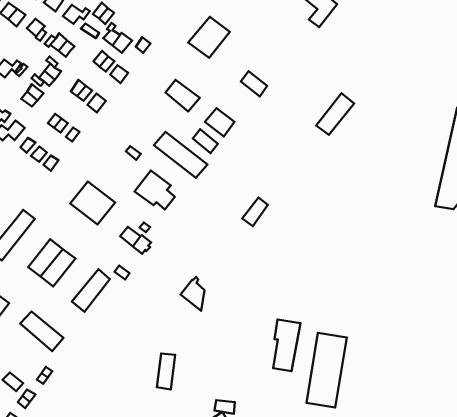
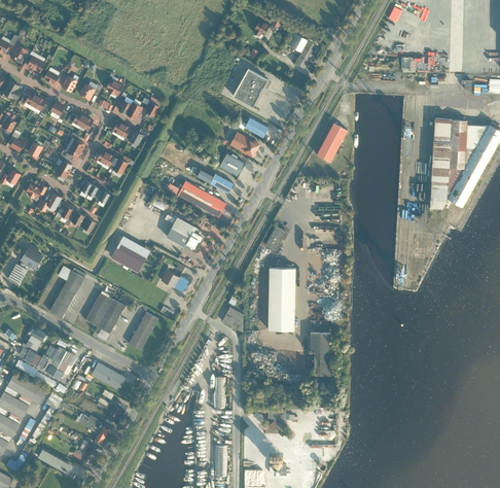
building: [188,17,230,58] -> [231,69,266,105]
building: [165,80,200,111] -> [229,132,260,158]
building: [307,333,347,407] -> [269,269,294,332]

